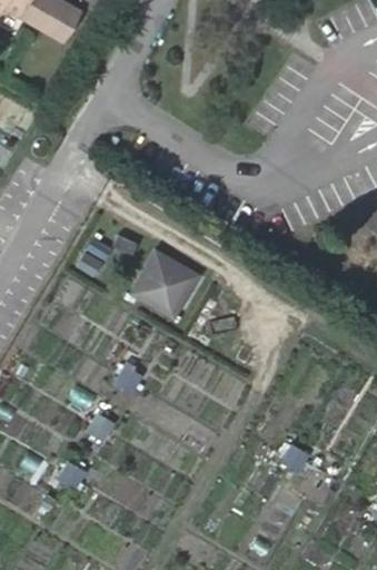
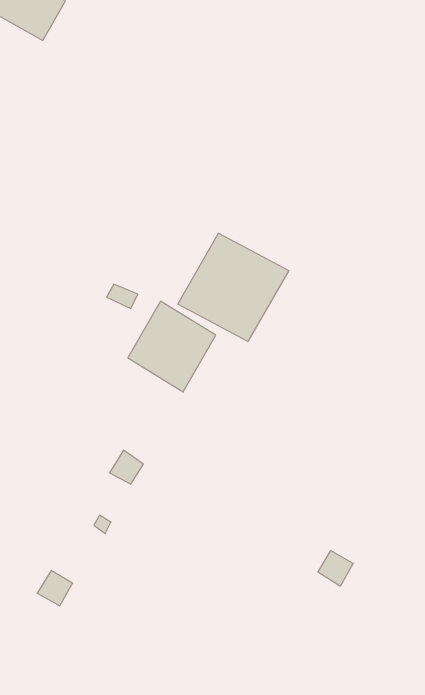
building: none -> [178,233,289,342]

